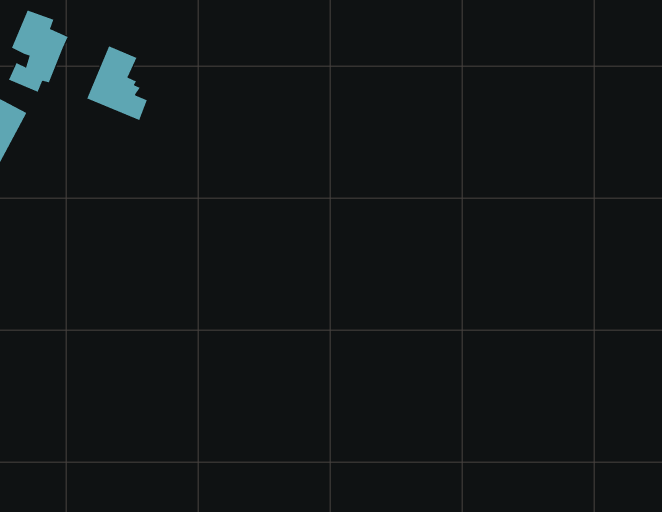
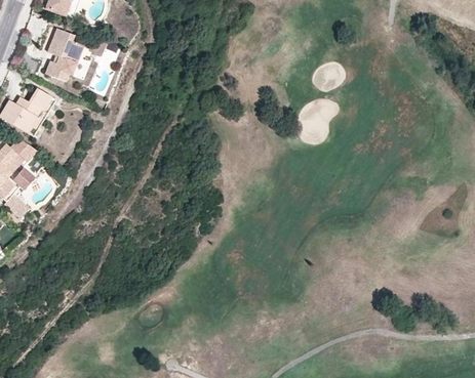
building: [87,45,147,121] -> none

